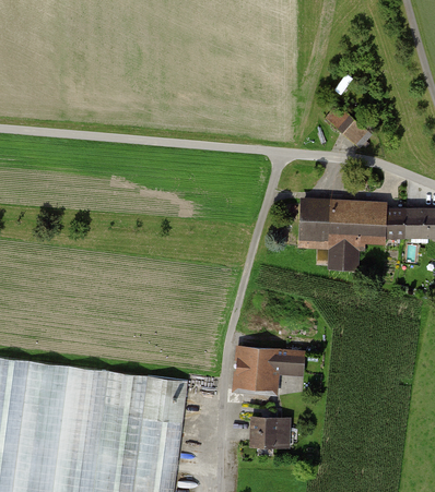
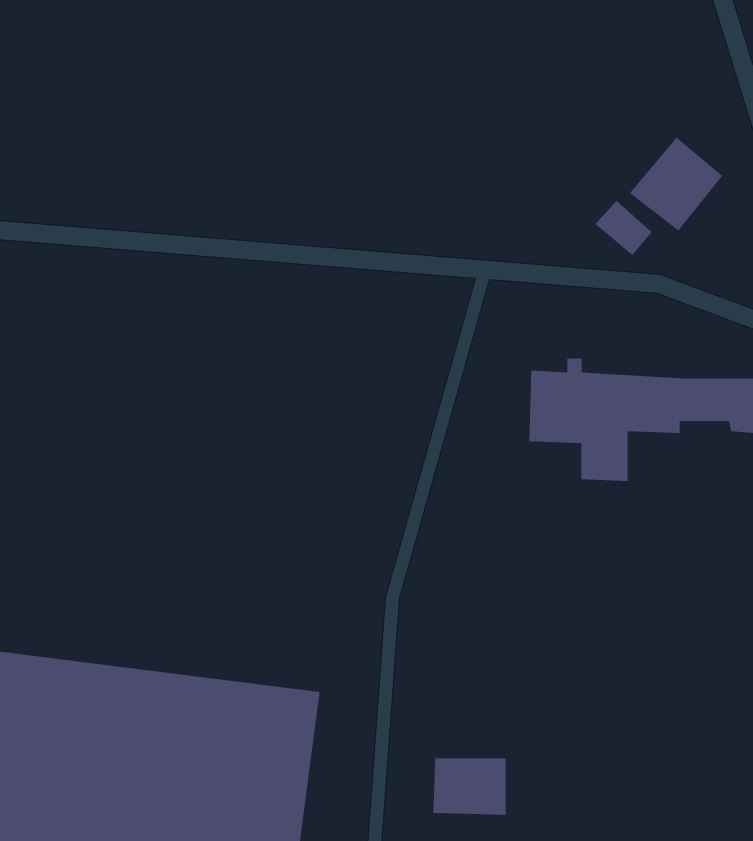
building: none -> [629,136,723,232]
building: [232,345,303,396] -> none

